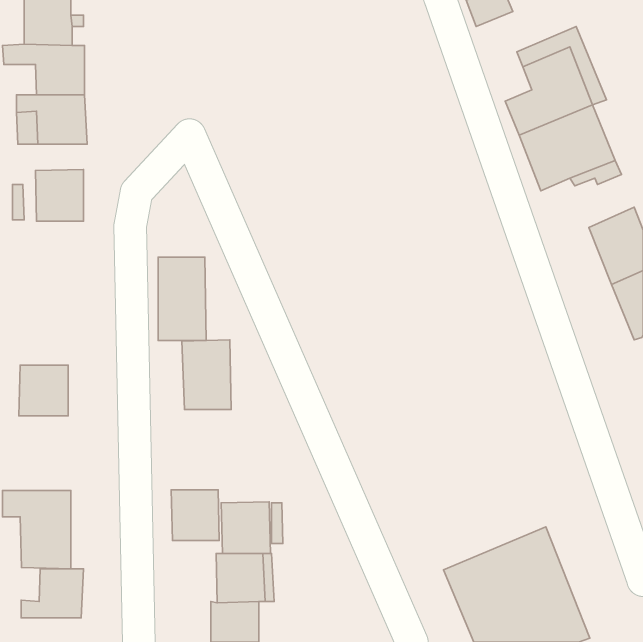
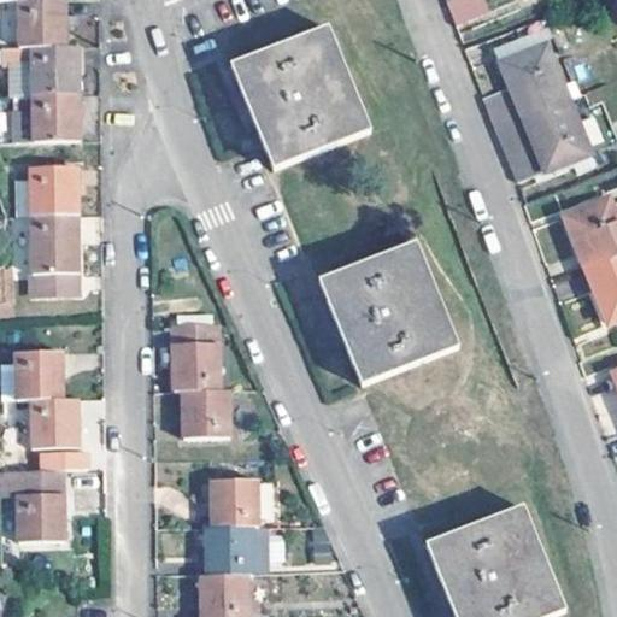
building: none -> [225,24,366,169]
building: none -> [316,241,456,384]
building: [158,257,206,341] -> [35,211,81,290]
building: none -> [34,396,80,442]
building: [171,490,219,540] -> [184,390,230,439]
building: [21,569,83,618] -> none

